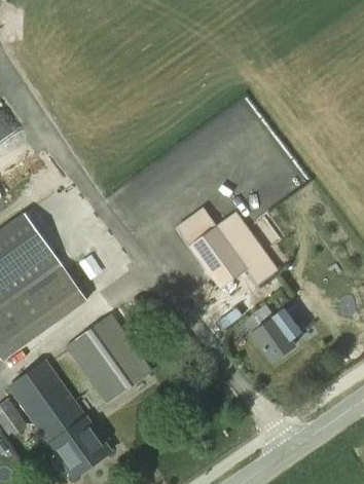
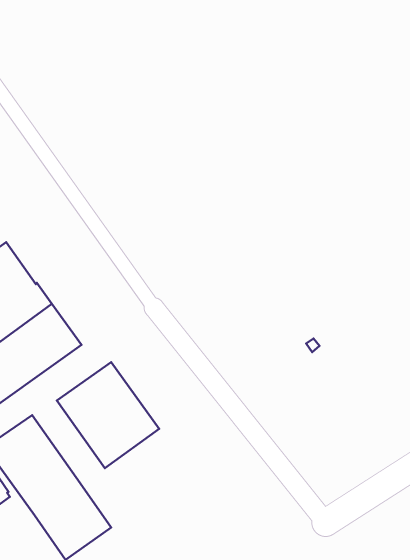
building: [176,209,279,288] -> none
building: [250,305,302,362] -> none

